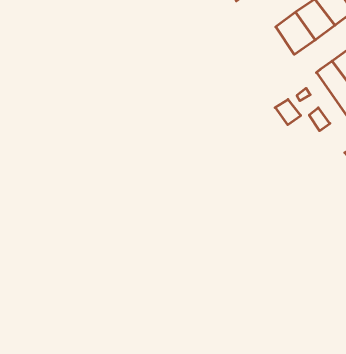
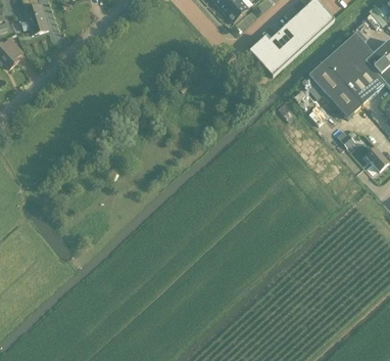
building: none -> [249,35,288,75]

